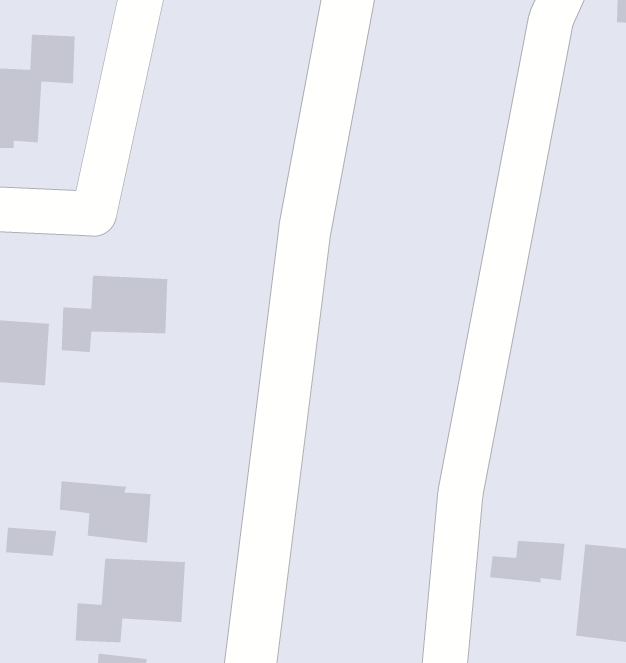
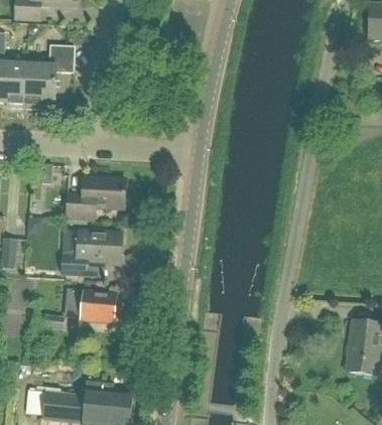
building: [489,540,566,583] -> none
building: [75,558,186,643] -> [61,229,122,275]

